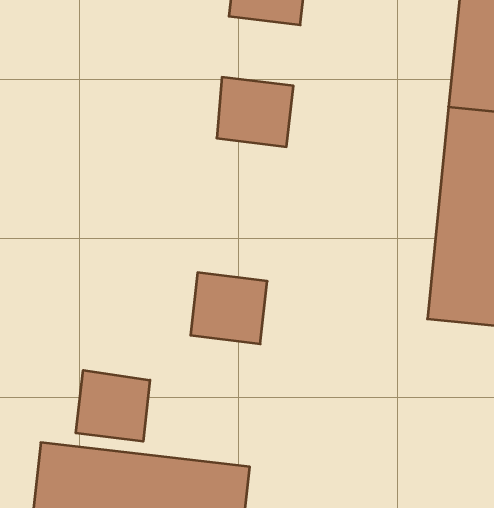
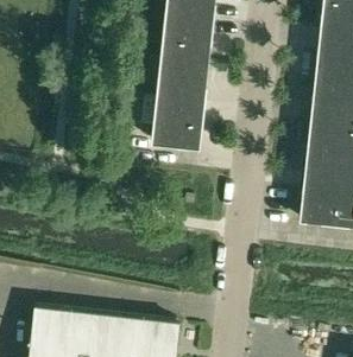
building: none -> [159,17,213,64]
building: [191,273,267,344] -> [151,100,203,148]
building: [76,370,150,441] -> none

